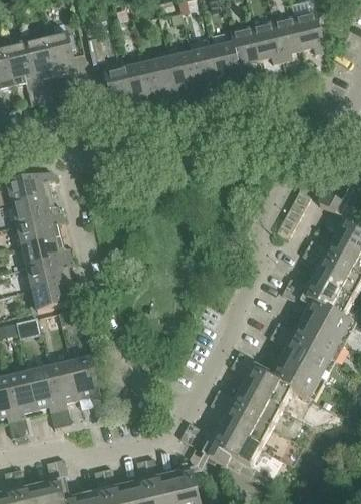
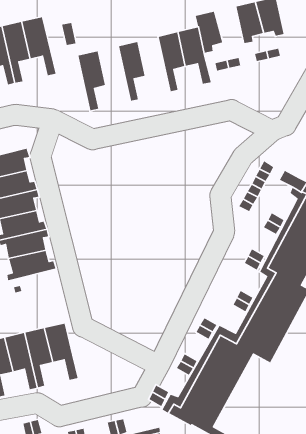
building: [251,21,282,63] -> none
building: [169,53,204,114] -> none
building: [127,63,161,124] -> none

